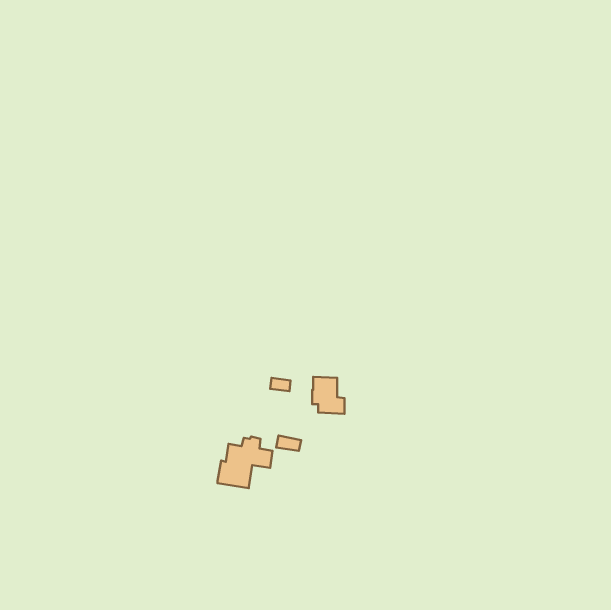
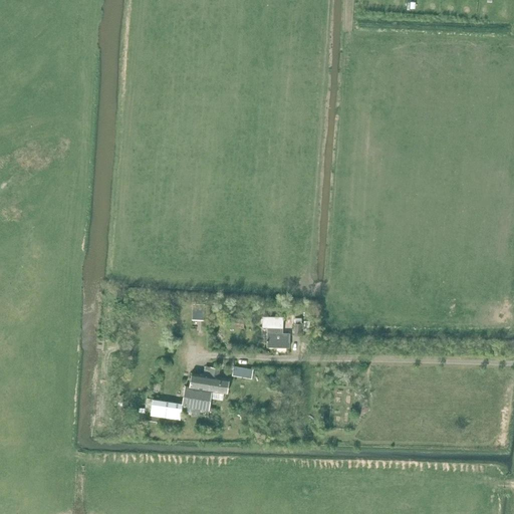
building: none -> [151,400,183,421]

